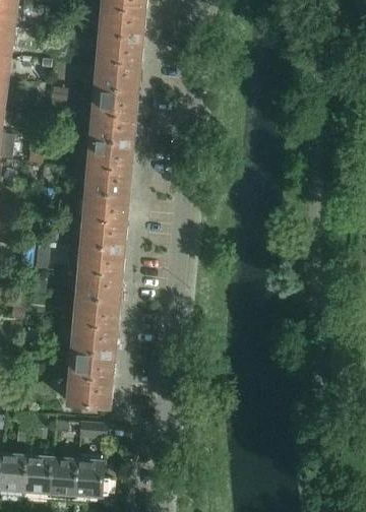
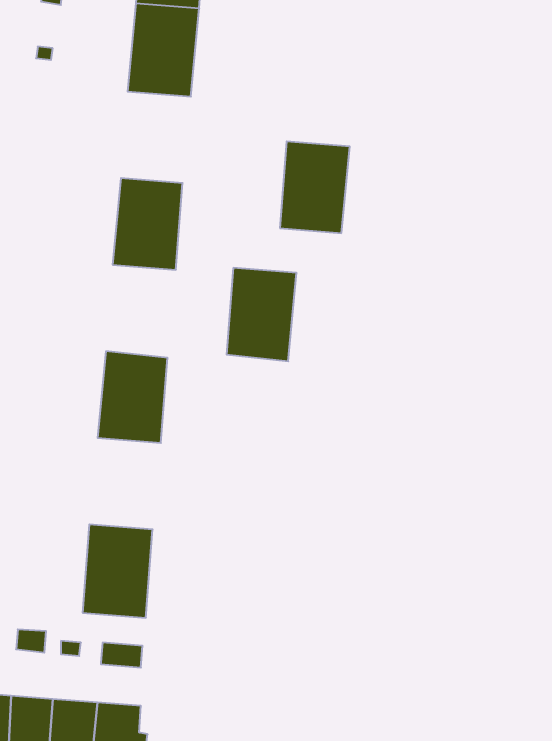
building: [93,85,135,141] -> [280,141,350,233]
building: [83,191,126,248] -> [227,268,297,361]
building: [73,297,117,353] -> none

